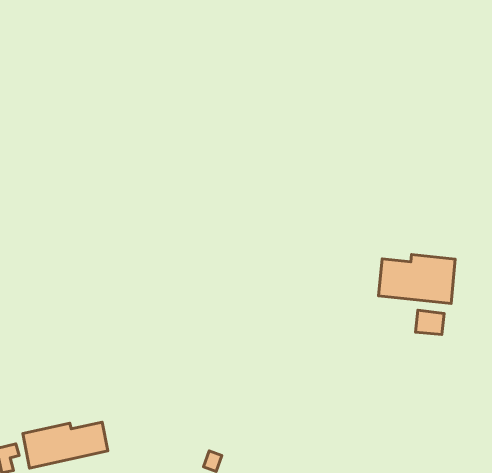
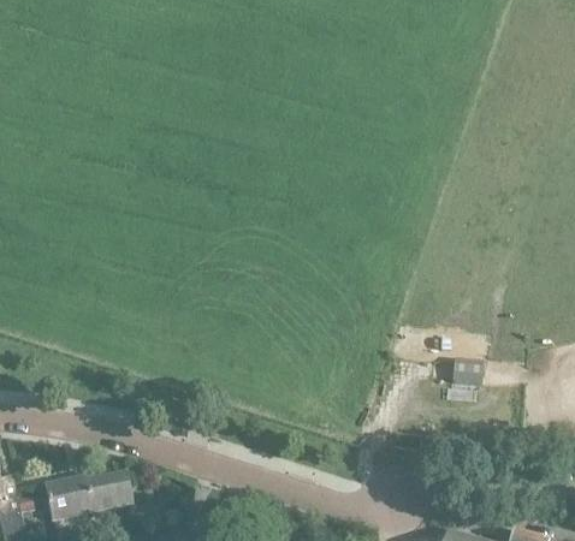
building: [379,254,455,303] -> none

